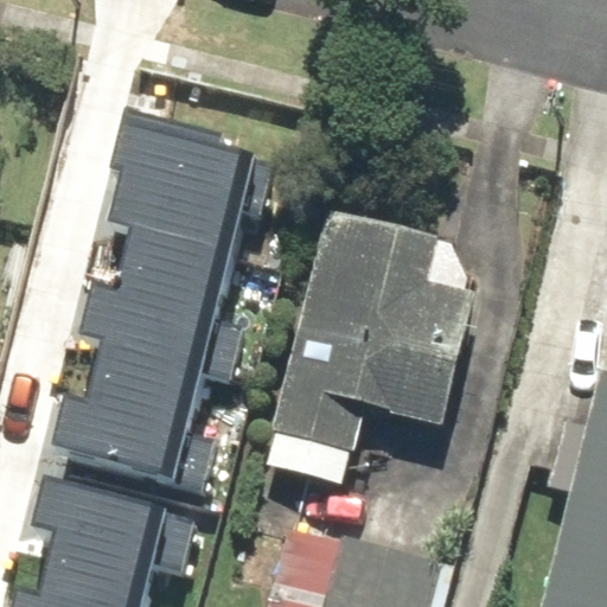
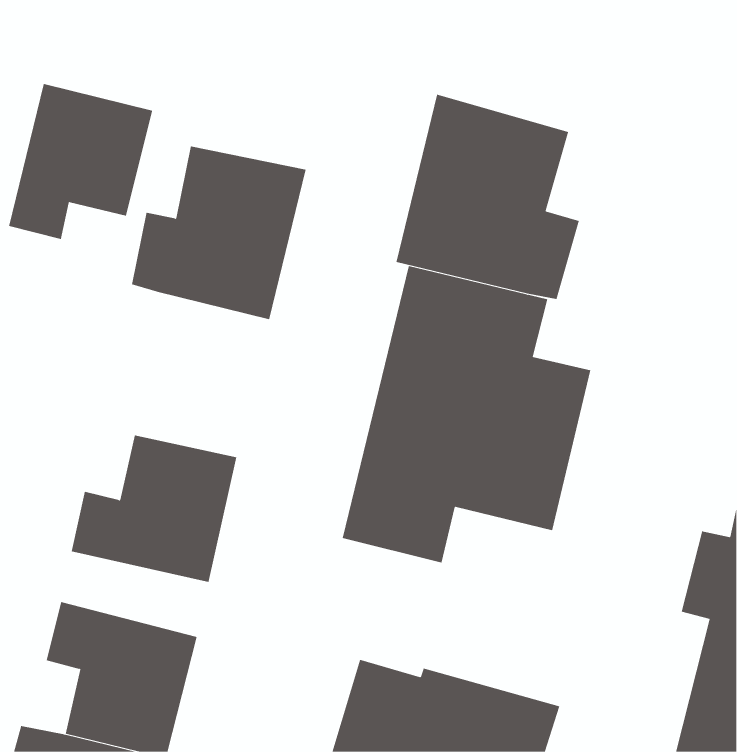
building: none -> [8,83,153,240]
building: none -> [396,94,580,300]
building: [74,235,217,368] -> none

